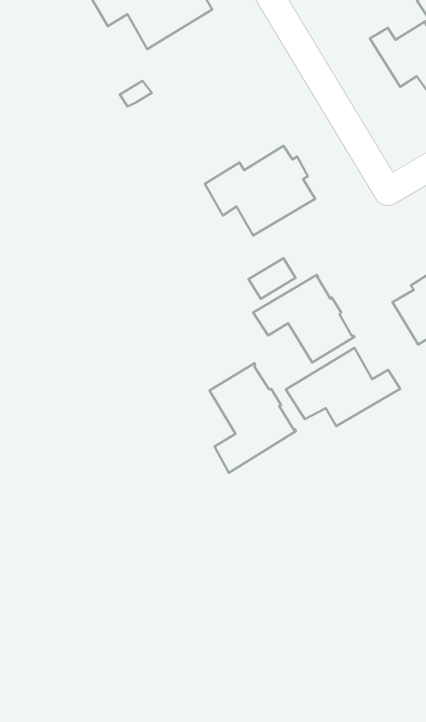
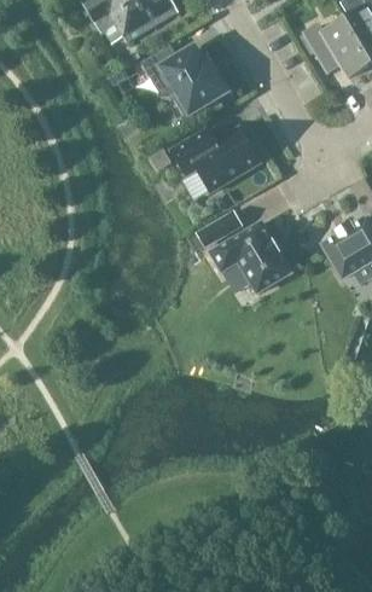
building: none -> [141,46,226,116]
building: [286,348,400,426] -> none
building: [210,363,296,473] -> none

